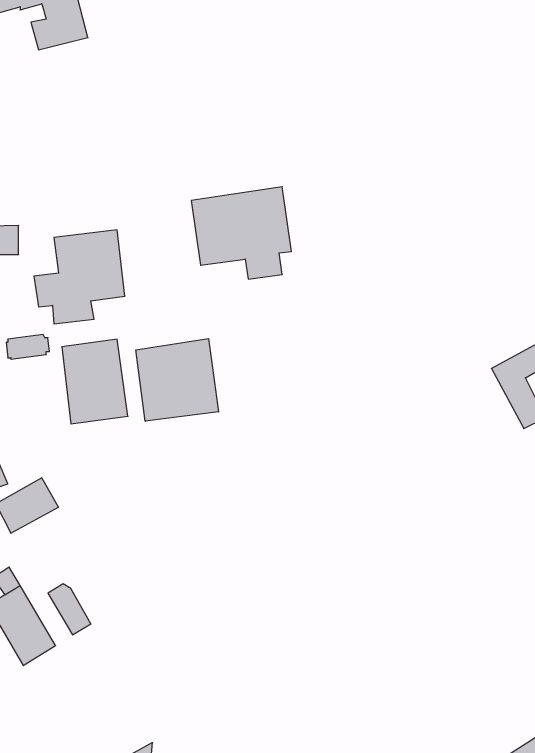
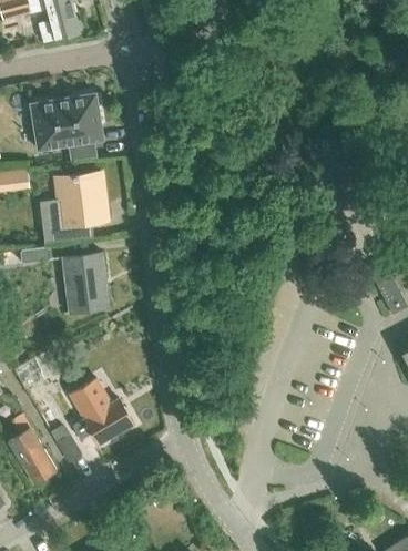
building: [191,187,291,279] -> [31,95,103,162]
building: [136,339,219,421] -> none
building: none -> [70,378,133,445]

